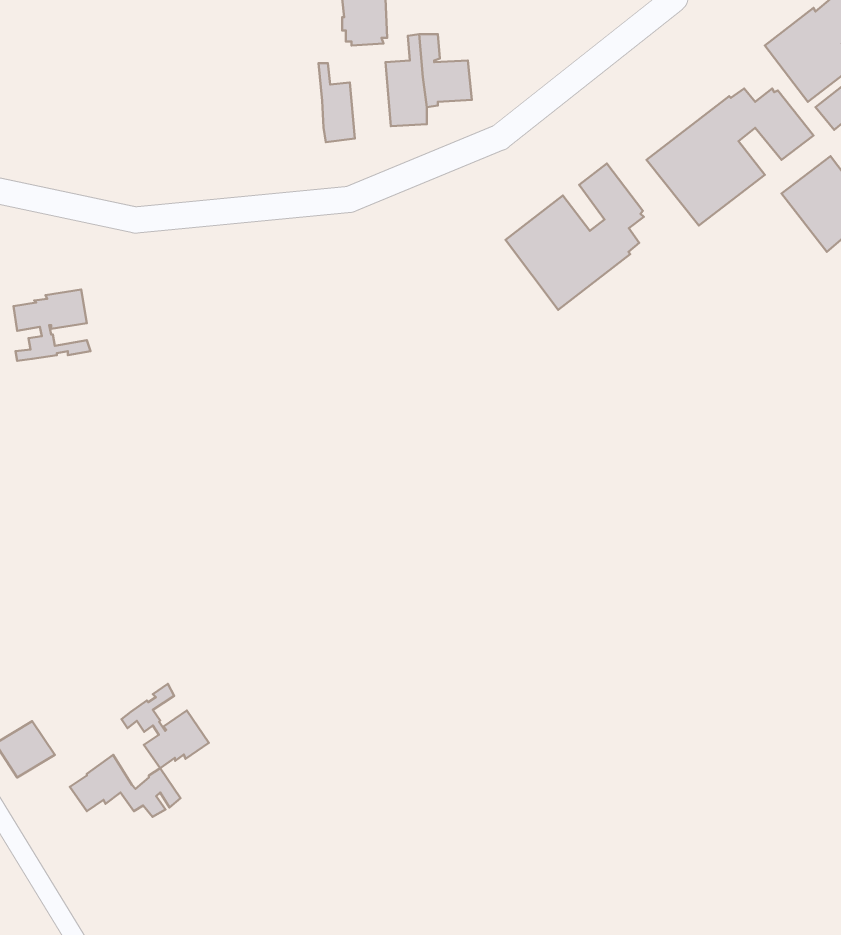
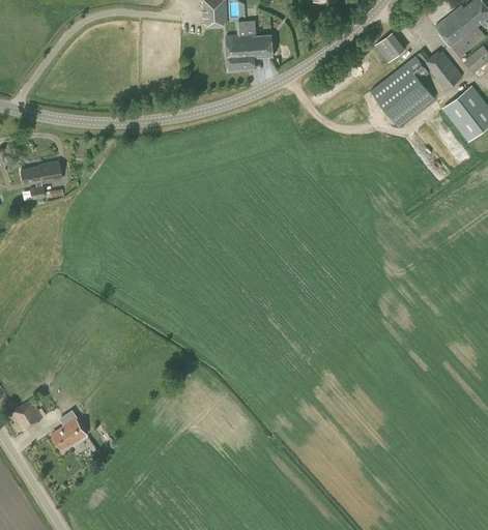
building: none -> [374,31,405,62]
building: [319,63,355,142] -> none
building: [506,163,644,310] -> none
building: [121,684,209,768] -> none

